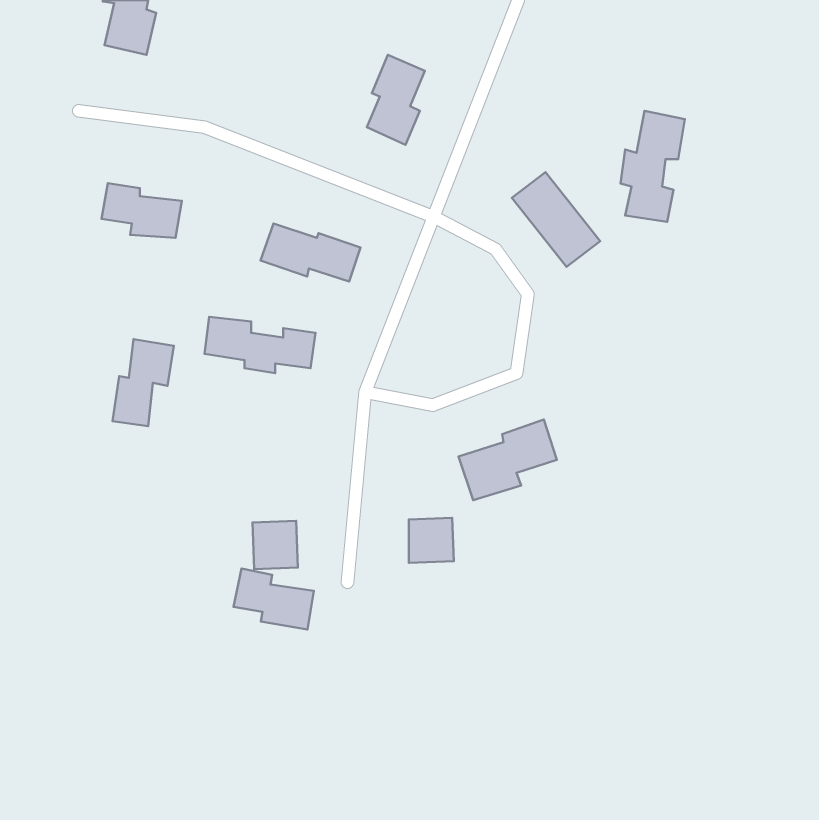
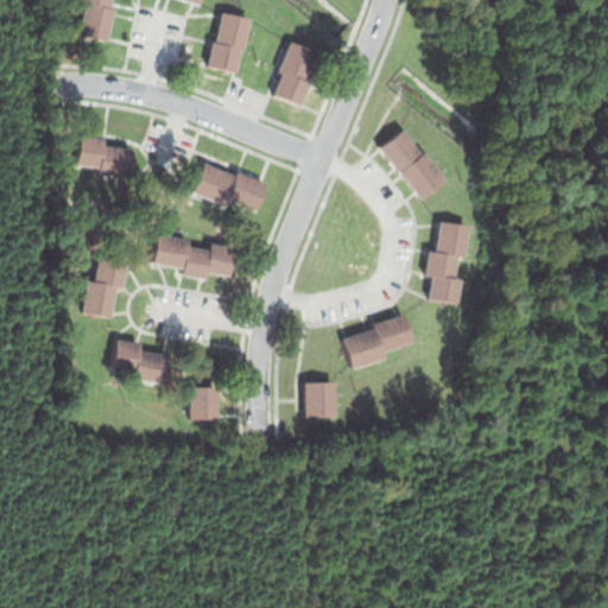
building: none -> [210,12,252,71]
building: [620,111,685,222] -> [425,221,473,303]
building: [233,568,314,629] -> [113,341,172,386]

